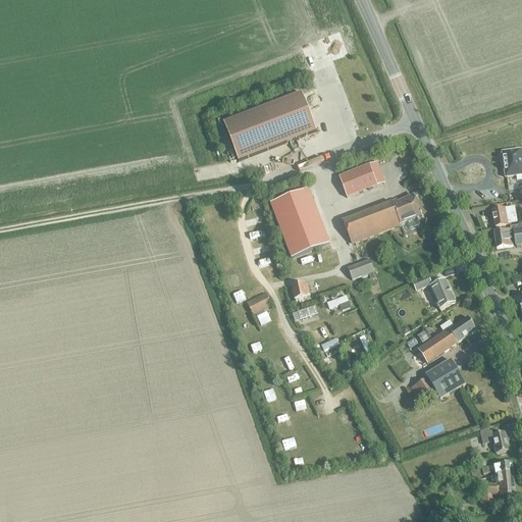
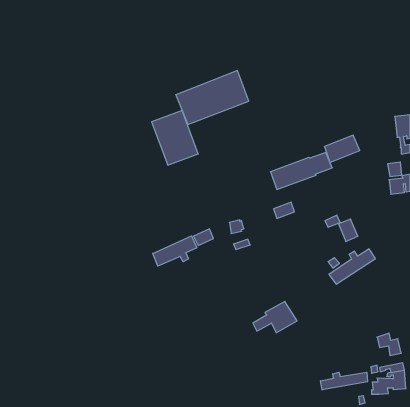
building: [340,158,384,193] -> [324,135,360,163]
building: [270,186,329,255] -> [152,111,198,165]
building: none -> [153,236,197,266]
building: [410,358,466,398] -> [253,301,297,333]
building: none -> [321,372,368,390]

